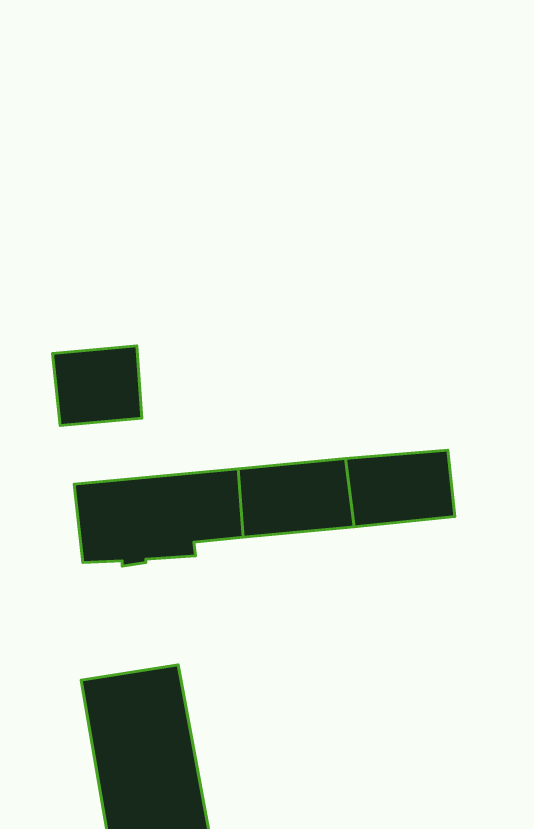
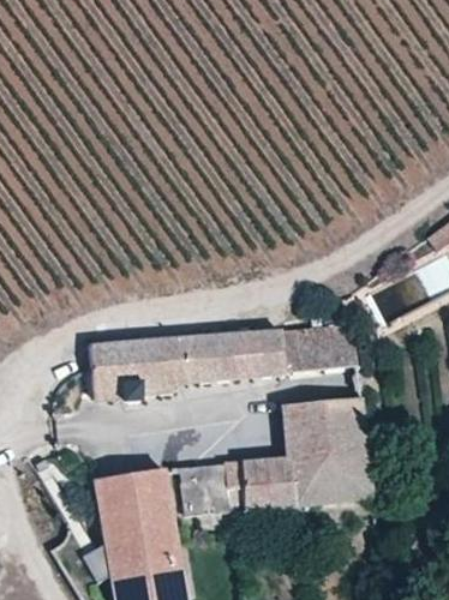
building: [53,346,142,425] -> none
building: none -> [184,402,372,515]

